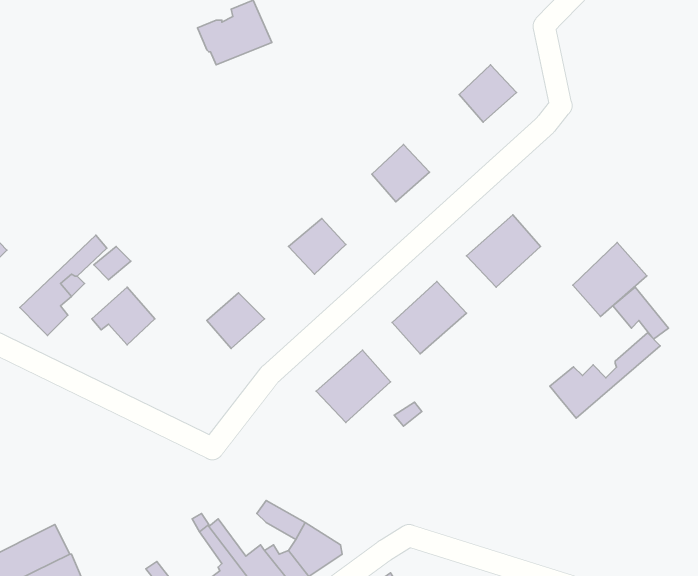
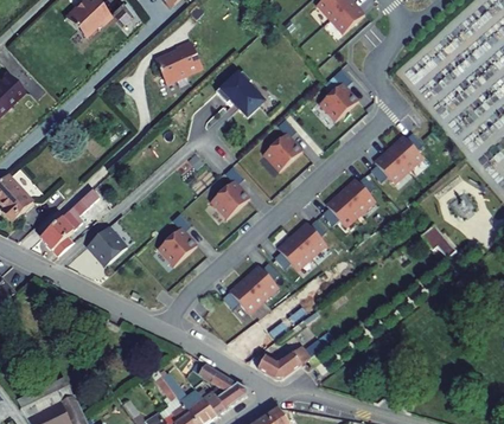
building: none -> [211,68,259,114]
building: [573,243,647,317] -> [375,135,422,182]
building: [550,333,660,418] -> none
building: none -> [257,340,323,379]

